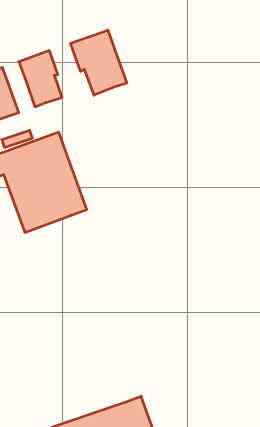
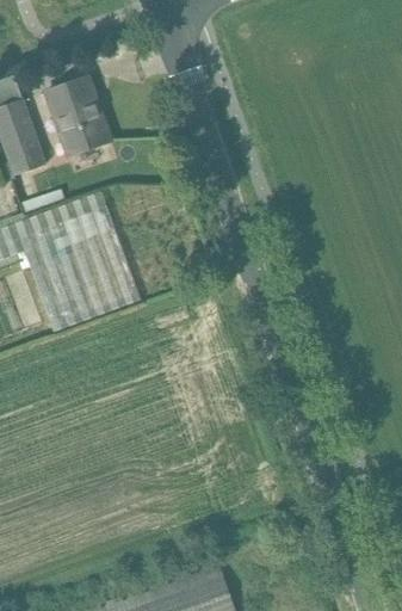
building: [71,30,127,95] -> none

